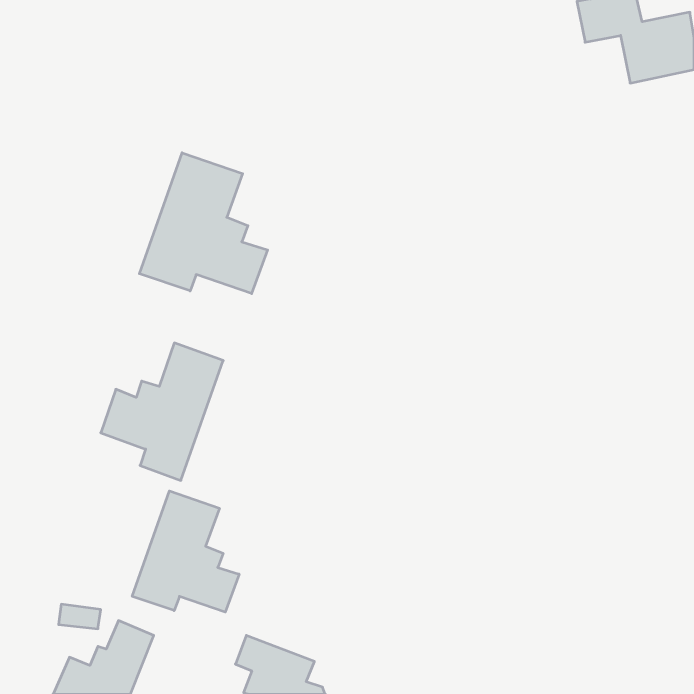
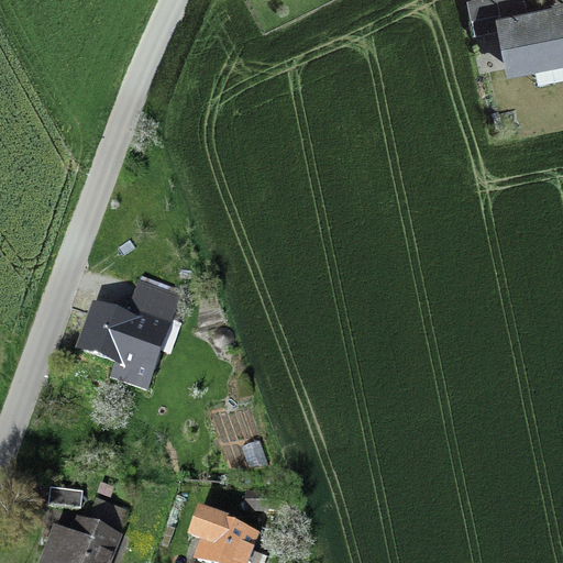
building: [139,153,268,294] -> none
building: [132,491,239,612] -> none

